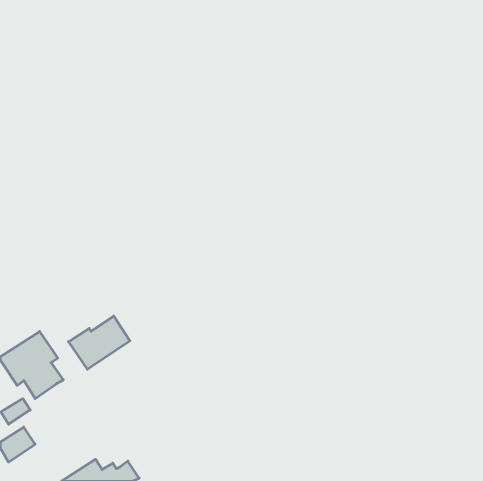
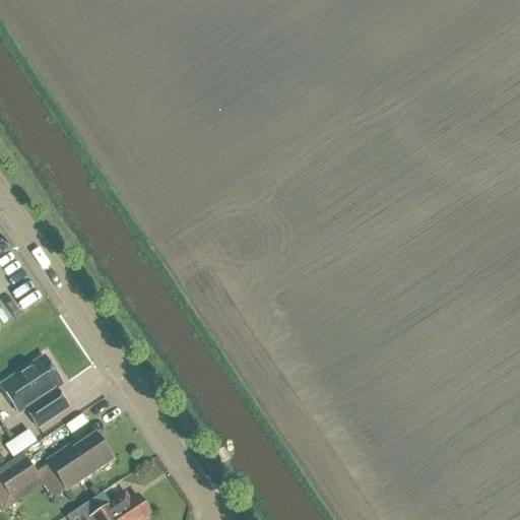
building: [68,316,130,369] -> [47,433,113,490]

